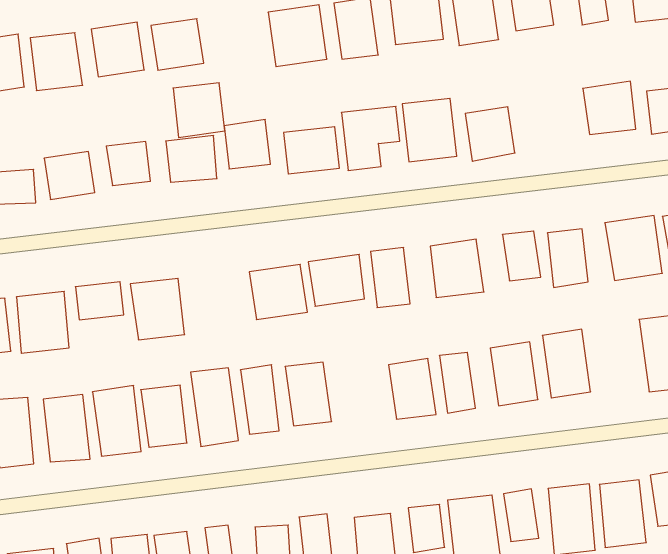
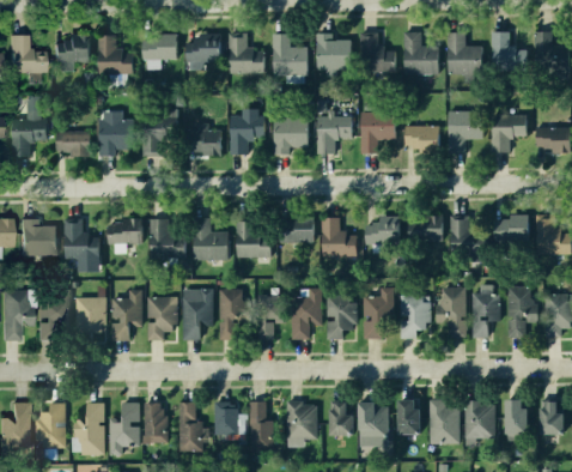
building: none -> [446,110,480,152]
building: [173,83,225,138] -> [230,37,263,73]
building: none -> [191,219,226,264]
building: none -> [474,295,501,339]
building: none -> [290,296,314,340]

